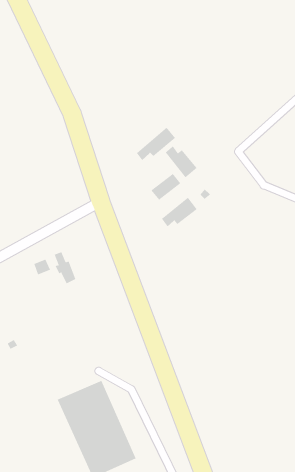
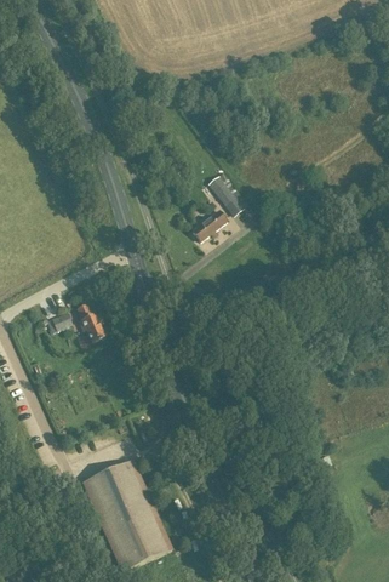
building: [136,127,176,161] -> none
building: [161,197,198,227] -> none

